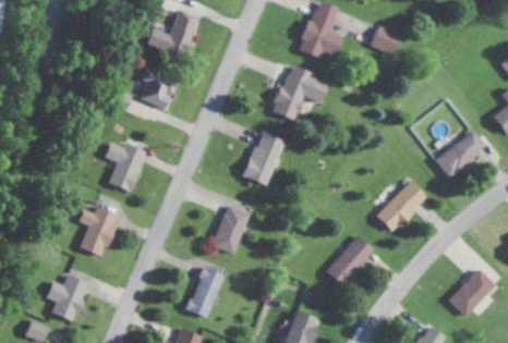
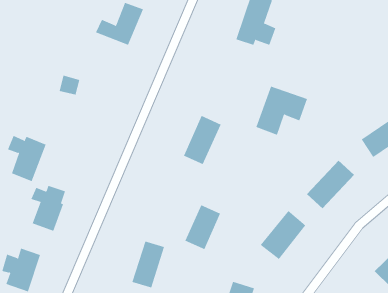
building: [371,26,398,53] -> none
building: [273,66,329,120] -> [255,86,308,135]
building: [138,69,178,110] -> none
building: [104,142,146,192] -> [7,135,46,182]
building: [210,205,250,254] -> [185,204,221,250]

